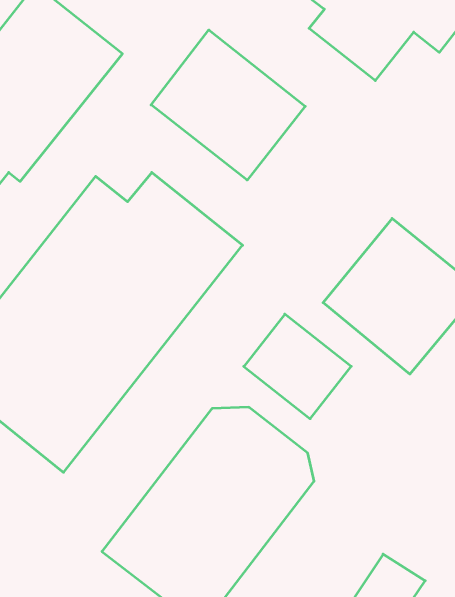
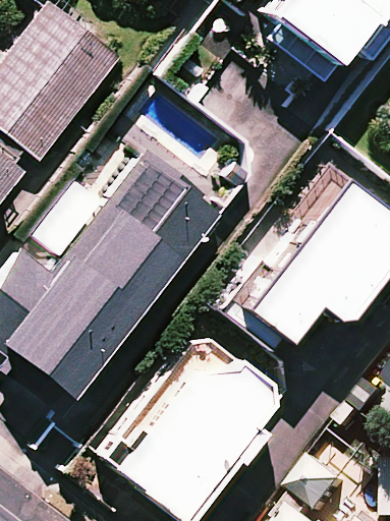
building: [151,30,305,180] -> none

